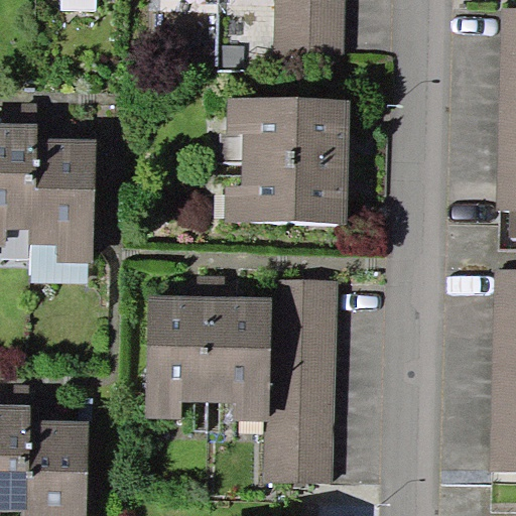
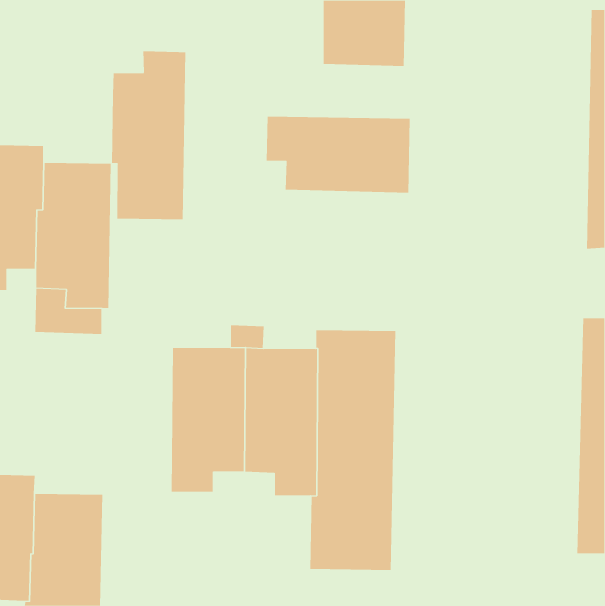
building: none -> [112,50,186,220]
building: [224,161,348,224] -> none

